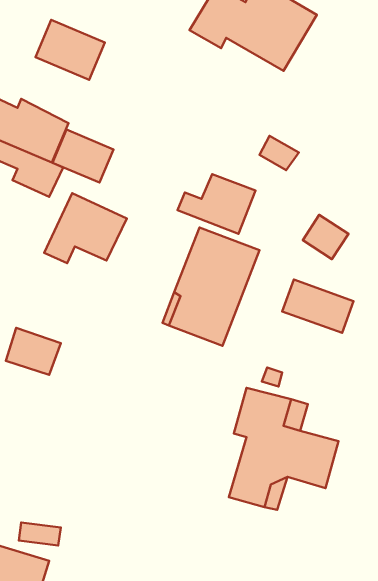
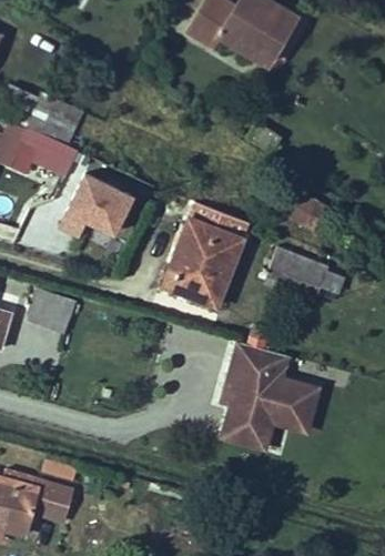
building: [35,20,105,80] -> none
building: [52,130,113,183] -> none
building: [177,174,255,234] -> none

